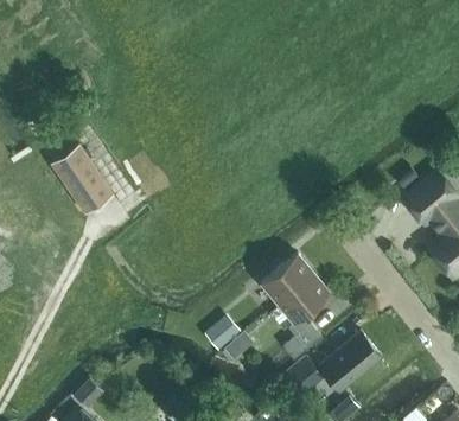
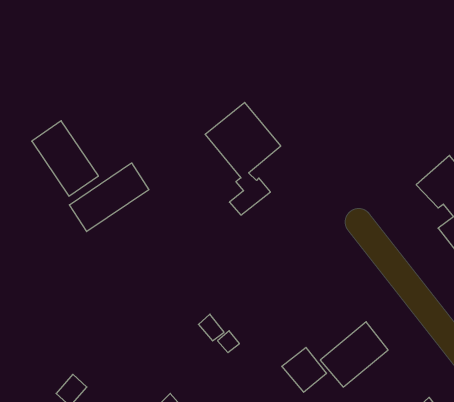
building: none -> [69,163,149,232]
building: [261,253,331,357] -> [205,102,281,215]

